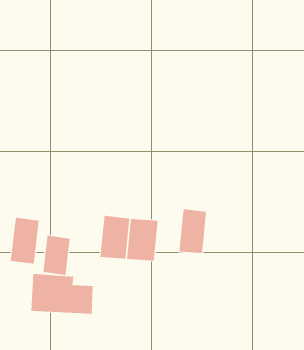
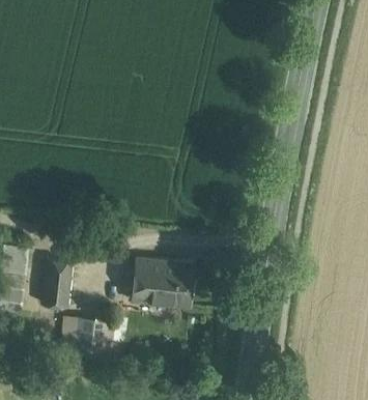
building: [179,208,207,254] -> none
building: [43,235,70,276] -> none

